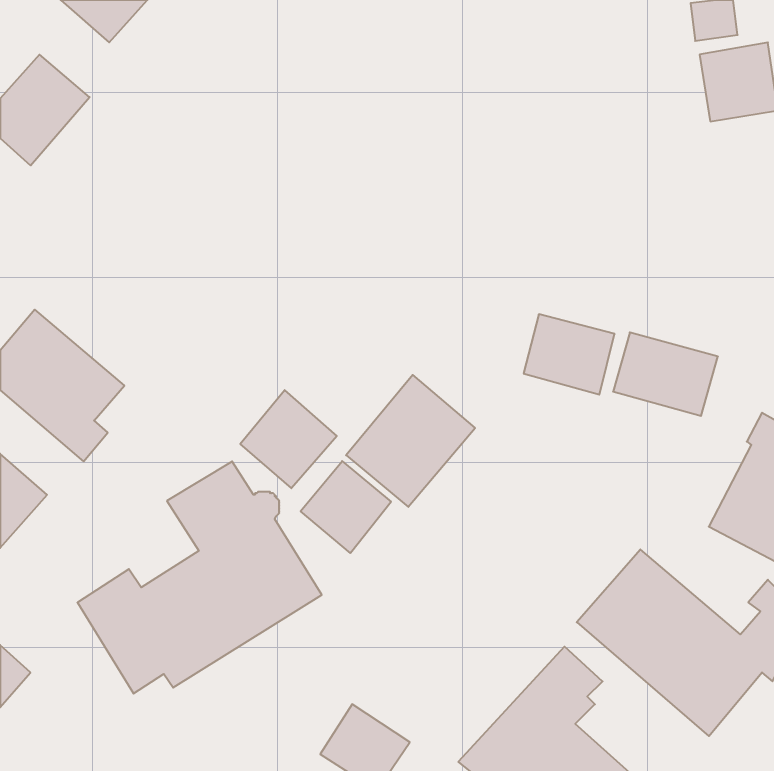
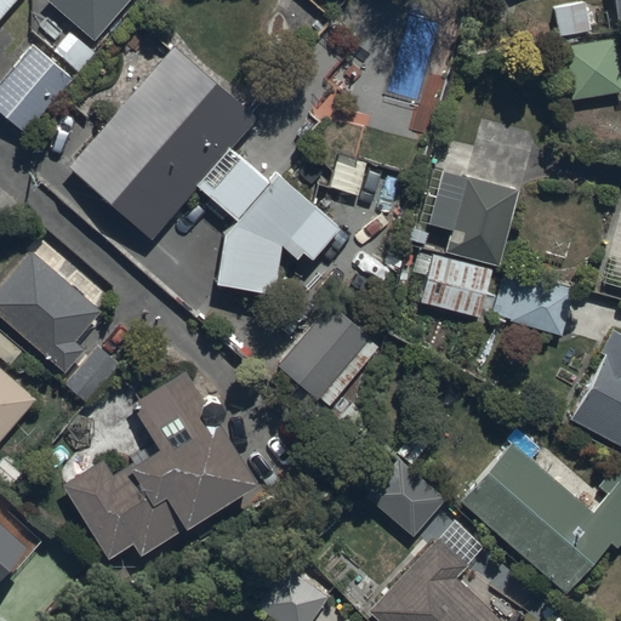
building: none -> [67,45,341,289]
building: none -> [428,170,519,264]
building: [240,390,337,488] -> none
building: [301,461,391,553] -> none
building: none -> [361,455,445,537]

